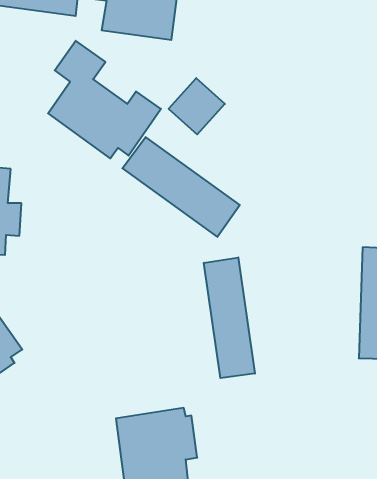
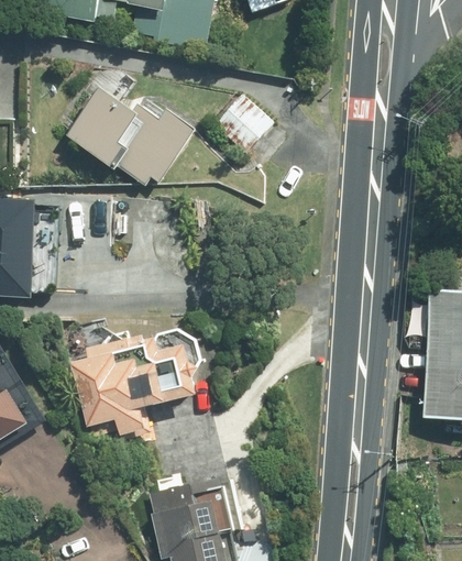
building: [122,137,240,237] -> none
building: [204,257,255,378] -> none
building: none -> [72,329,204,435]

